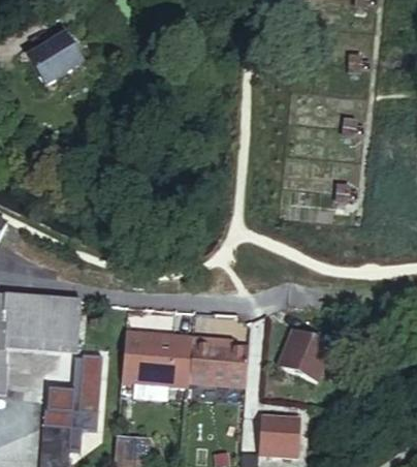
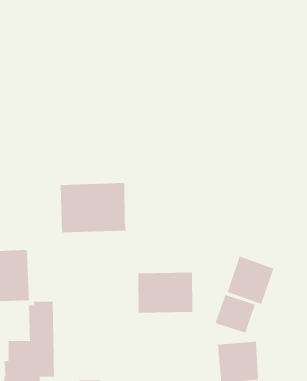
building: [120,330,190,383] -> [60,183,127,233]
building: none -> [215,294,256,334]

